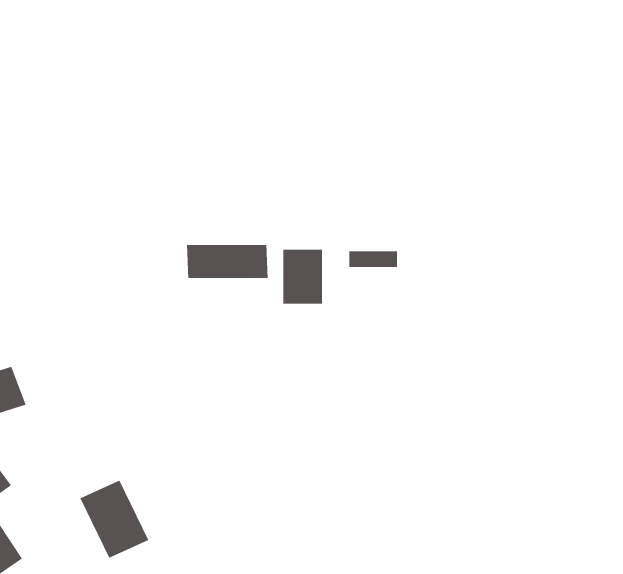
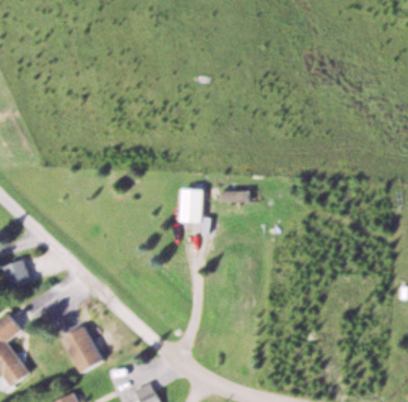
building: [186,244,268,279] -> none

